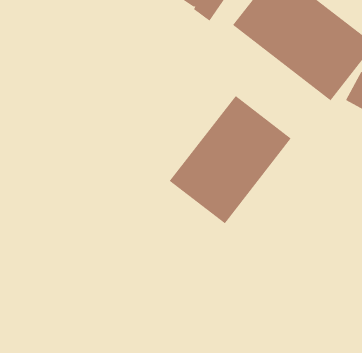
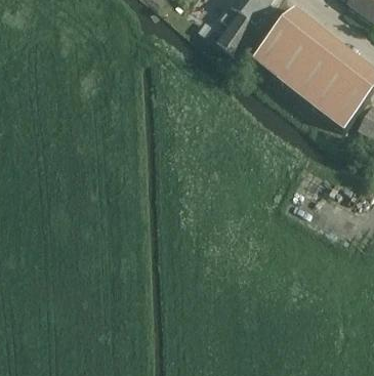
building: [169,95,292,224] -> none

